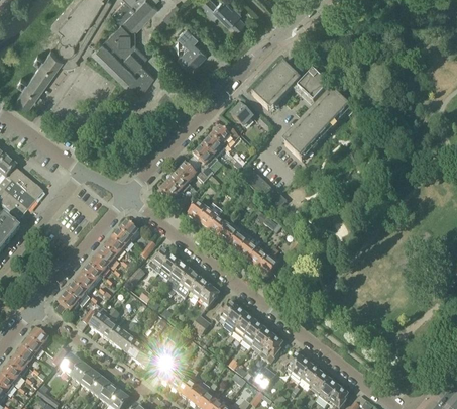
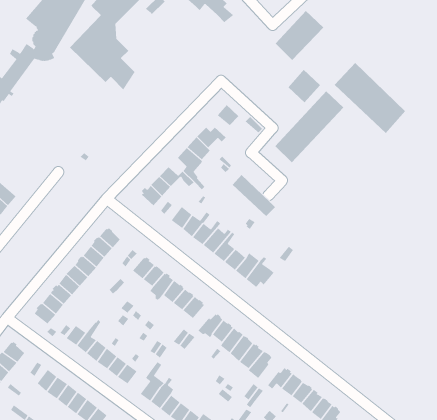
building: [180,24,208,70] -> none
building: [252,62,299,109] -> [275,10,324,61]
building: none -> [334,62,406,134]

